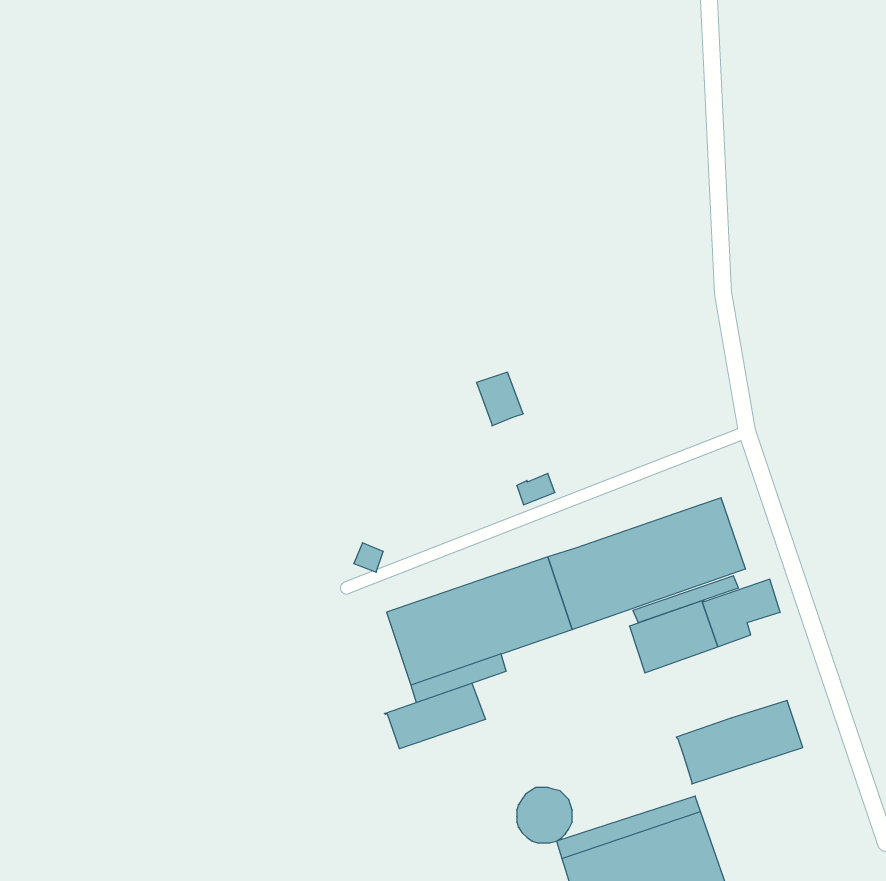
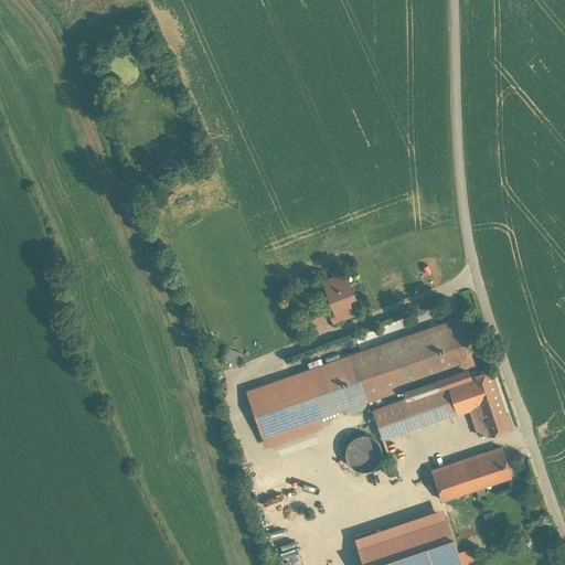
building: [476,372,523,426] -> [326,276,355,310]
building: none -> [473,393,510,437]
building: none -> [373,402,411,441]
building: [384,683,485,749] -> none
building: [517,787,572,843] -> [345,437,381,472]

